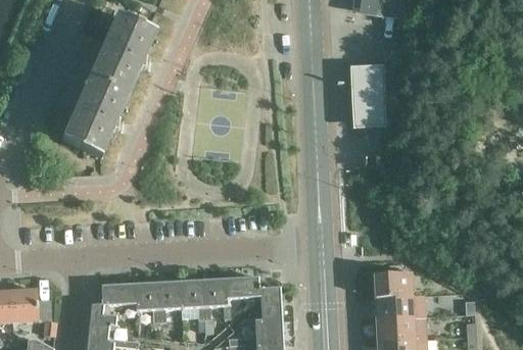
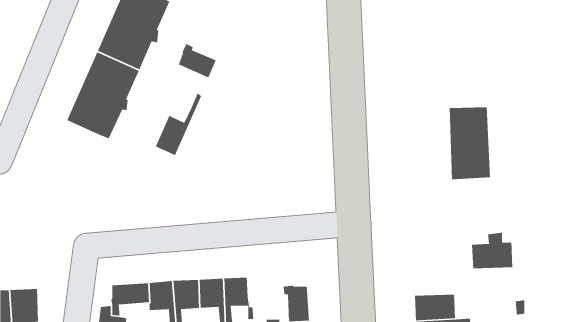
building: [349,61,387,128] -> [449,106,491,180]
building: none -> [178,43,217,79]
building: none -> [155,92,202,156]
building: [374,262,412,296] -> [471,232,513,269]
building: [225,278,258,298] -> none

